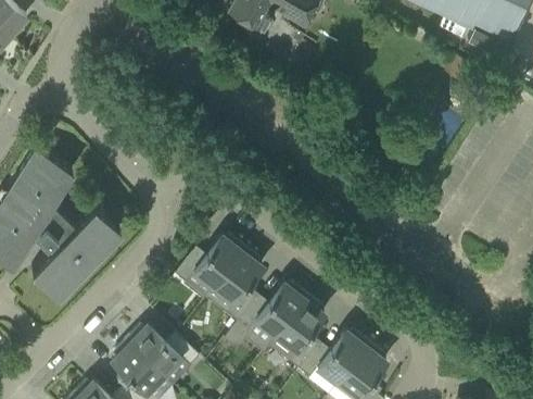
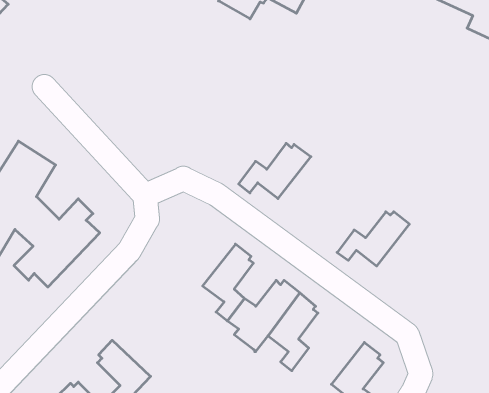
building: [175,236,244,289] -> [239,143,311,199]
building: [126,325,199,376] -> none
building: [299,332,368,384] -> [337,212,409,266]

